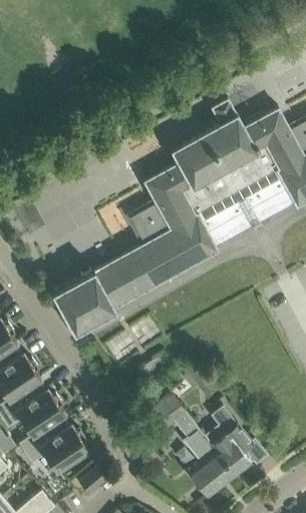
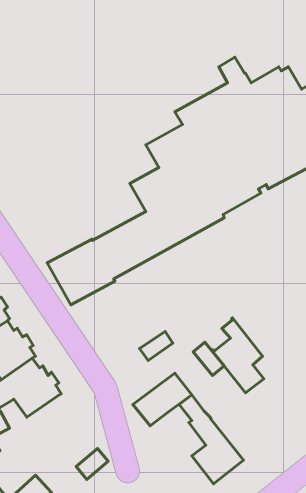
building: [204,408,252,478] -> [212,318,264,393]
building: [19,418,88,474] -> none

